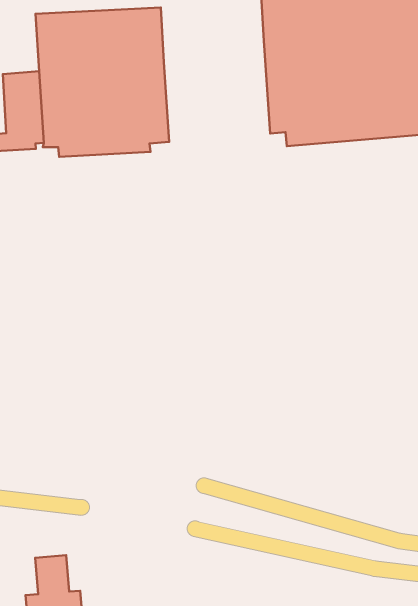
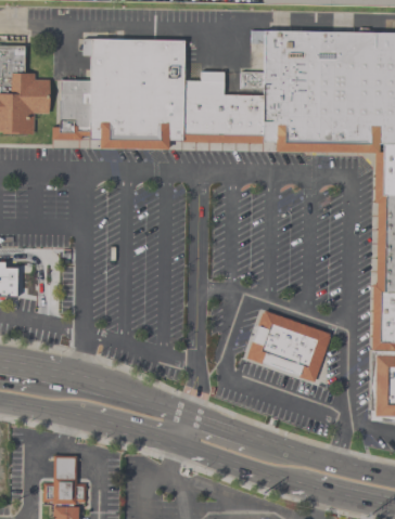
building: none -> [184,70,264,143]
building: none -> [245,310,331,382]

